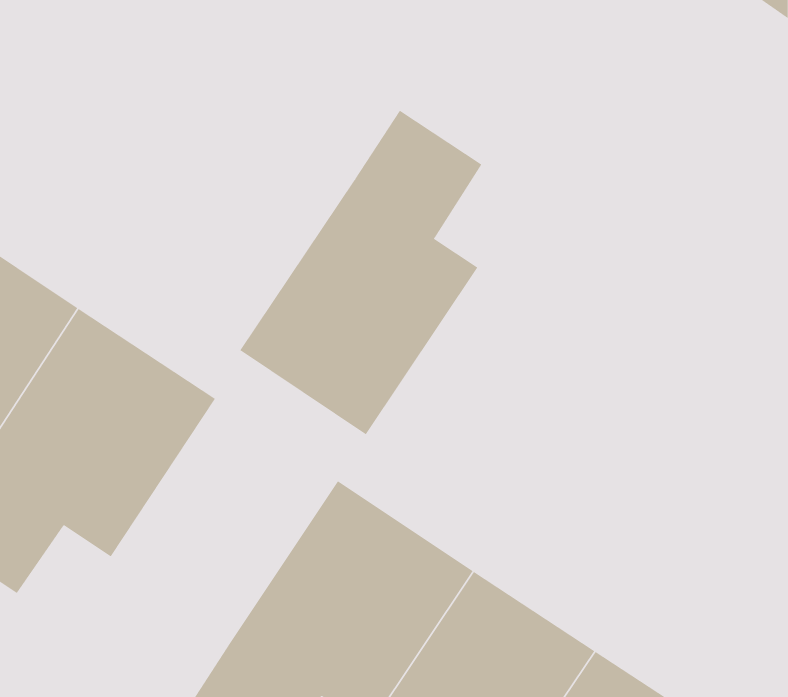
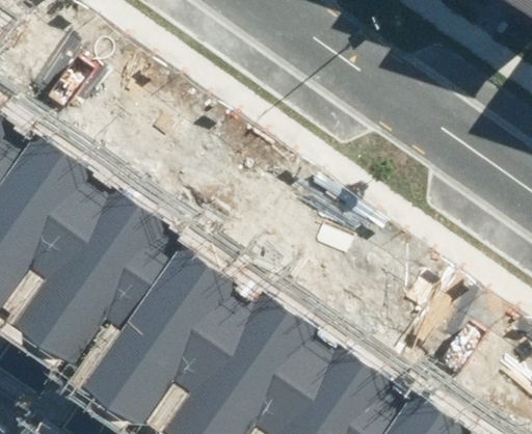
building: [240,110,482,435] -> none
building: none -> [90,249,255,423]

